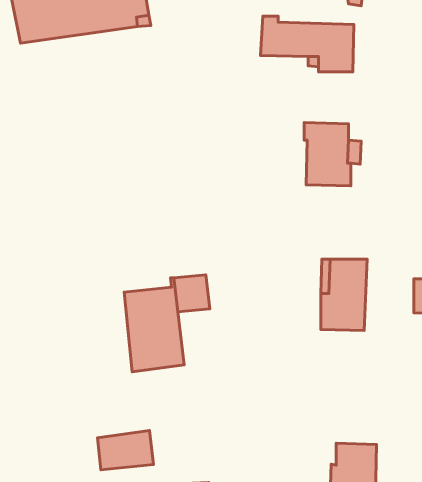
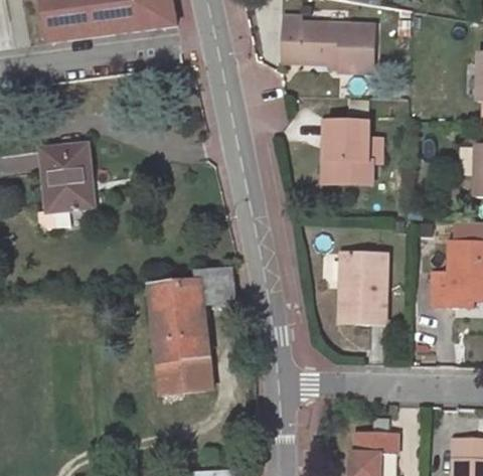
building: none -> [41,144,91,212]
building: [98,430,154,470] -> [158,355,212,393]

